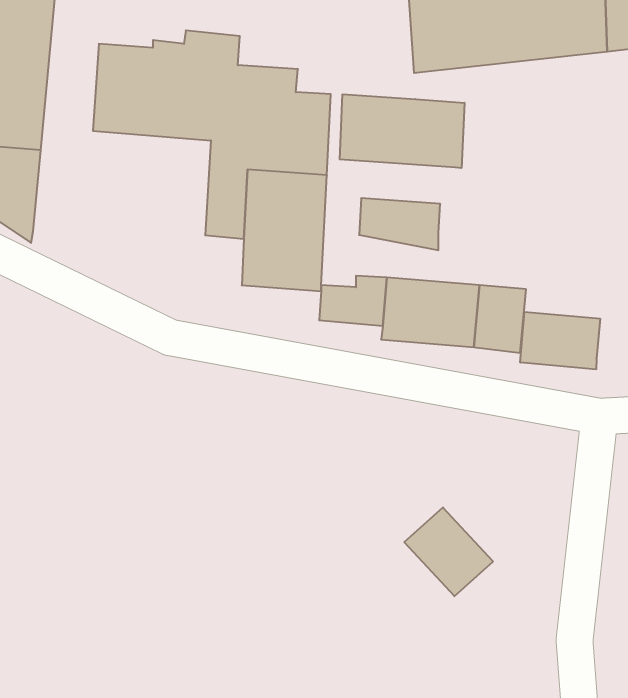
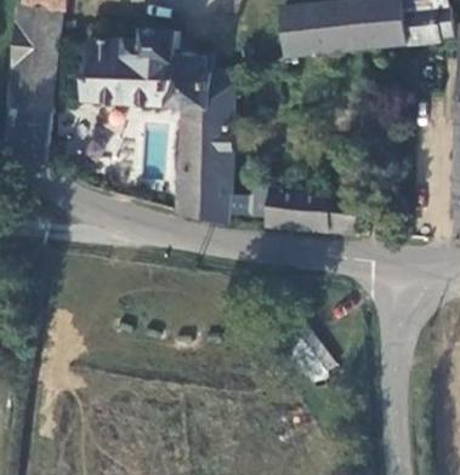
building: [340,94,464,168] -> none
building: [359,198,440,250] -> [178,189,229,222]
building: [520,312,600,369] -> none

